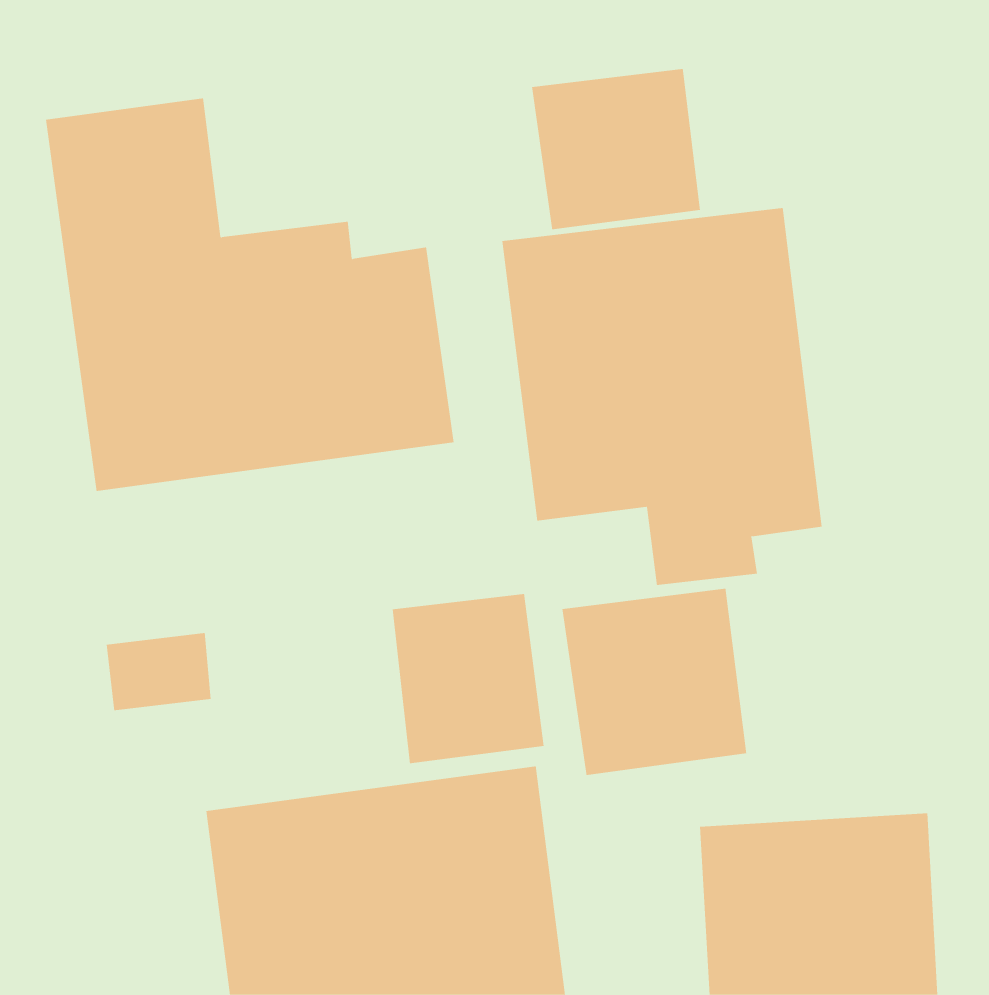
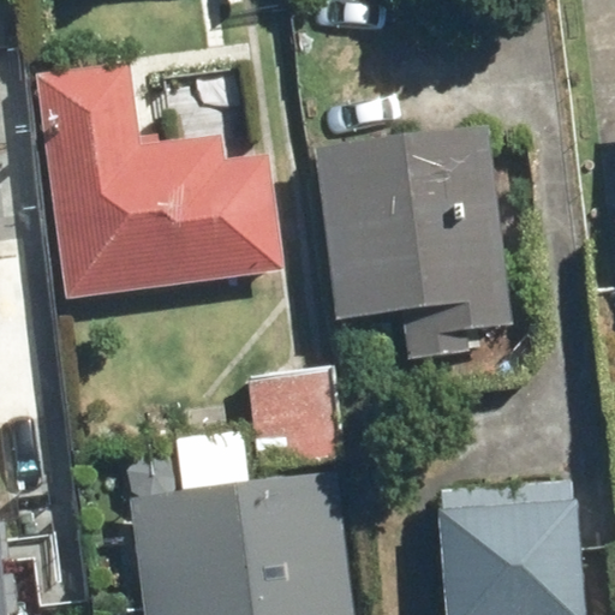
building: [532,68,701,230] -> none
building: [562,588,747,776] -> none

